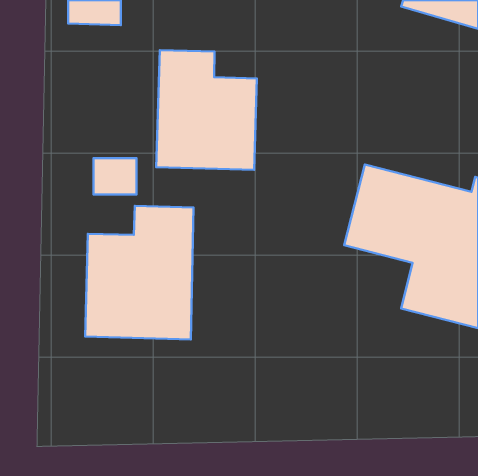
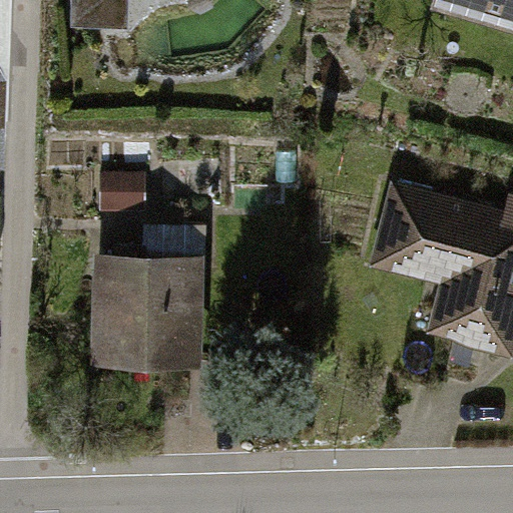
building: [156,50,257,170] -> none

